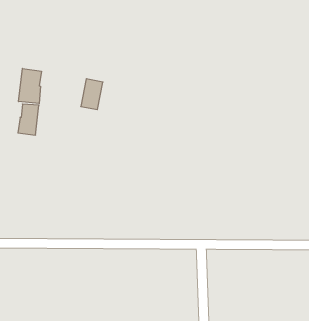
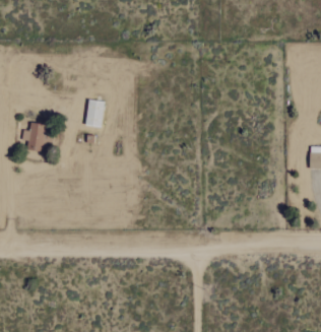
building: [19,68,41,104] -> none

